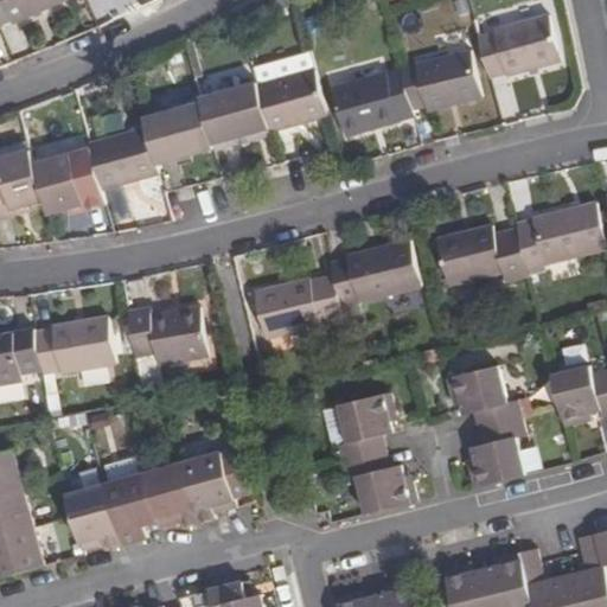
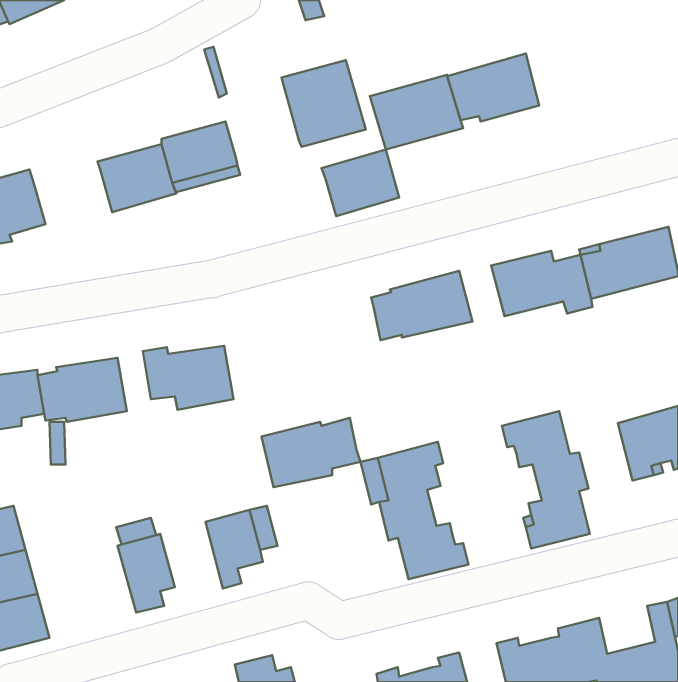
building: [475,14,558,76] -> none
building: [197,82,266,141] -> [322,149,399,216]
building: [31,151,104,216] -> none
building: [254,274,341,336] -> [262,418,360,487]
building: [142,464,198,528] -> none
building: [65,485,121,549] -> none

